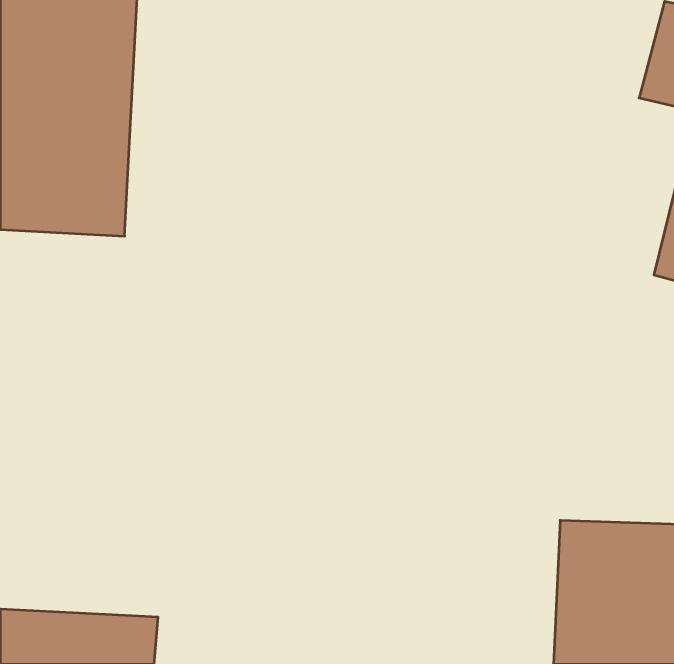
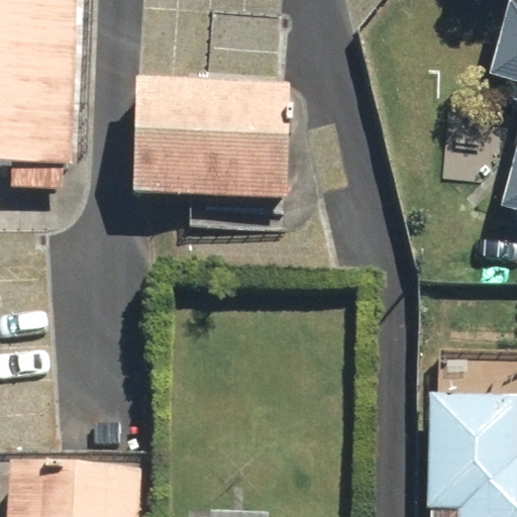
building: none -> [128,81,299,199]

